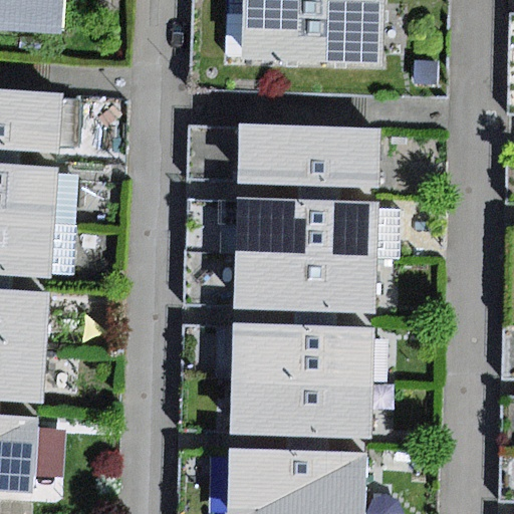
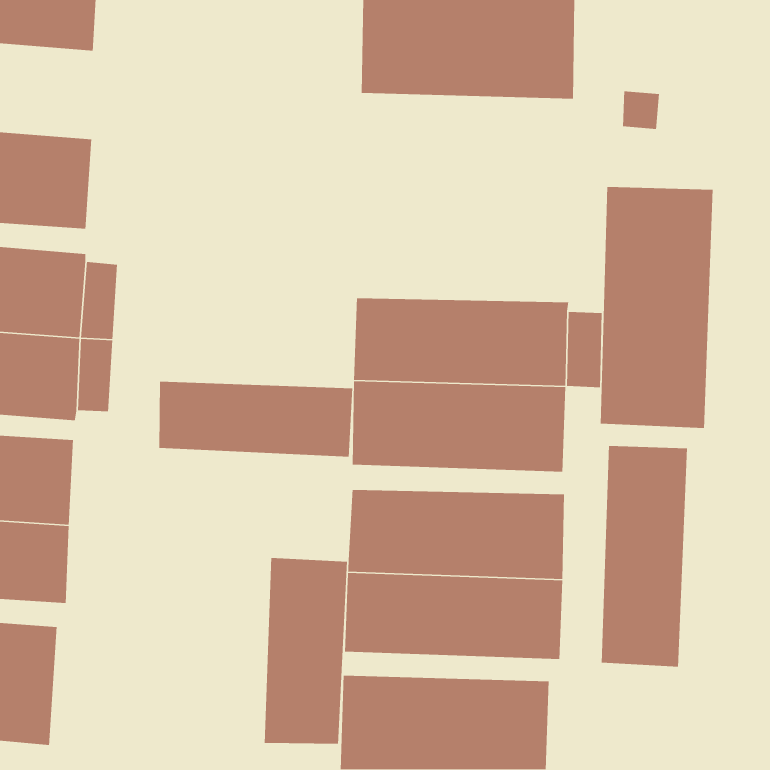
building: [237,123,379,189] -> none
building: none -> [600,186,713,429]
building: none -> [158,381,353,458]
building: none -> [601,445,688,667]
building: none -> [264,557,348,745]

